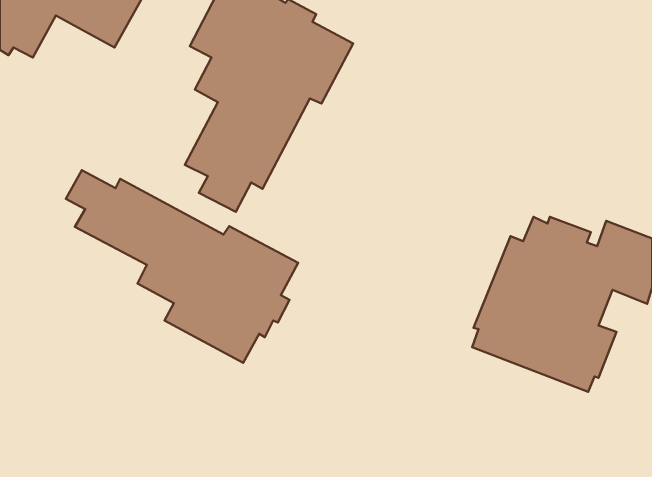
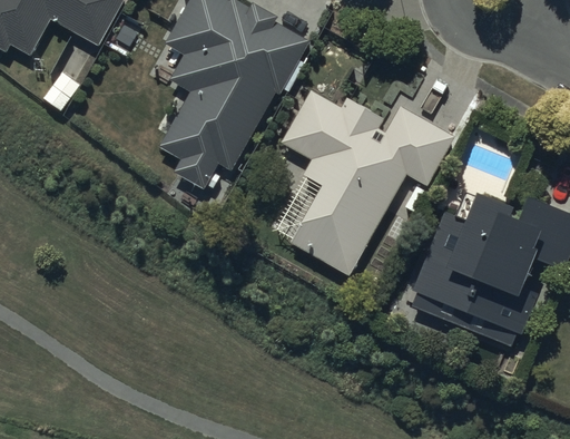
building: none -> [283,91,455,274]
building: [66,170,298,363] -> none

